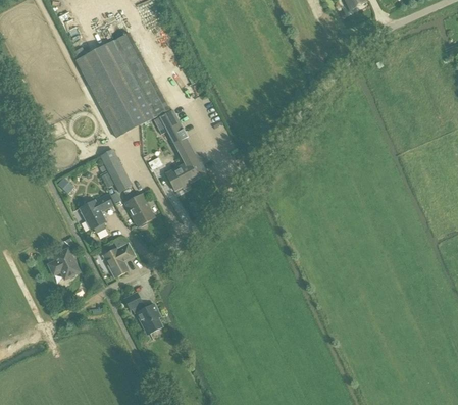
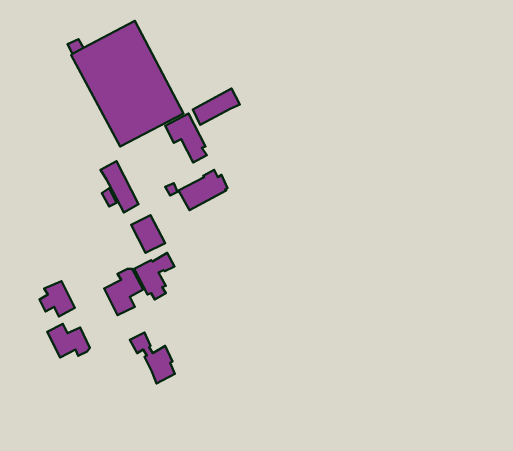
building: none -> [193,89,240,125]
building: [79,194,112,233] -> [134,253,174,299]
building: none -> [47,324,90,357]

